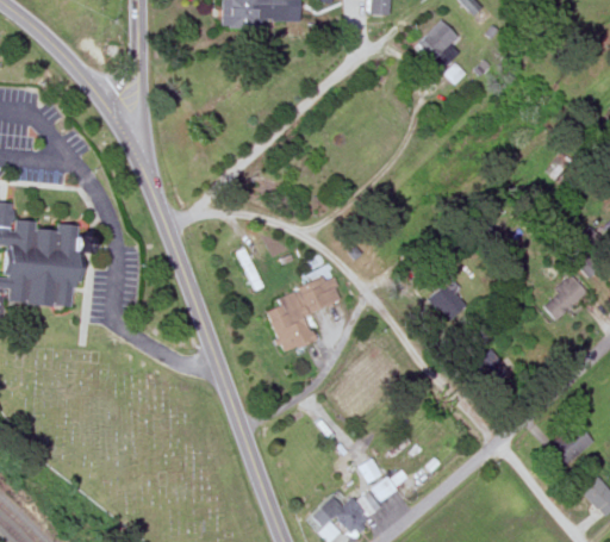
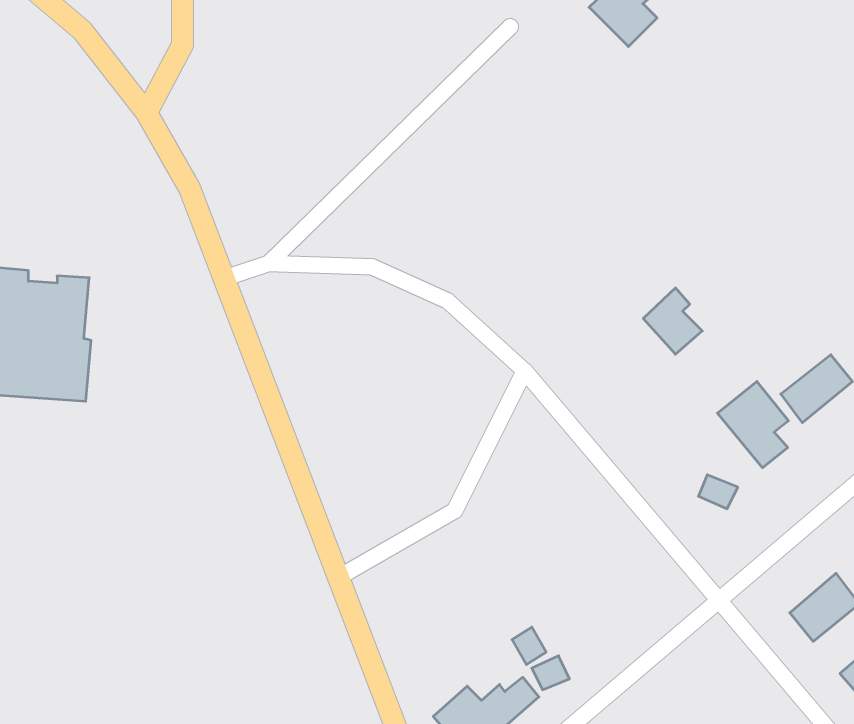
building: [431,275,471,319] -> [643,288,702,354]
building: [263,276,342,351] -> none
building: none -> [717,381,788,468]

